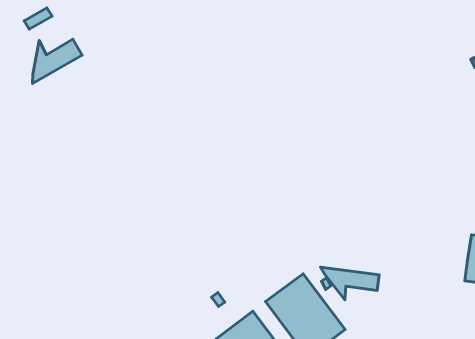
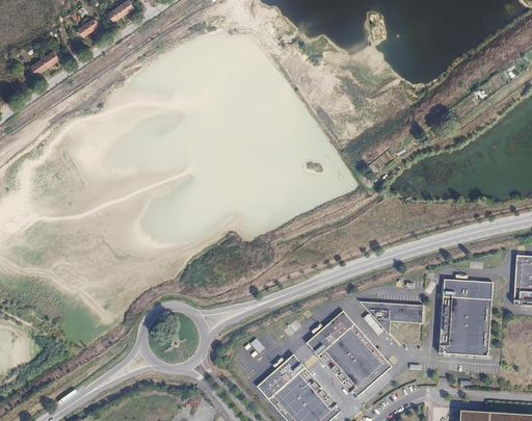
building: [32,39,82,83] -> none
building: none -> [437,279,491,357]

